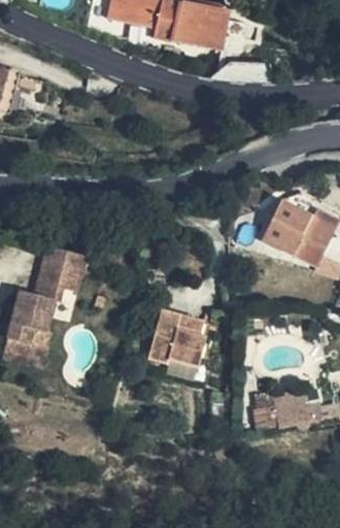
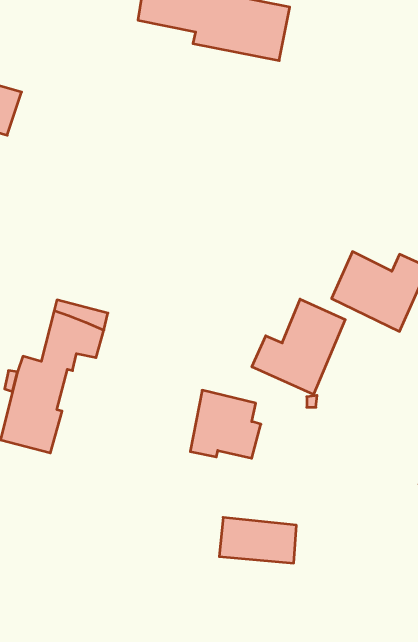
building: none -> [252,299,345,395]
building: [252,392,313,428] -> [219,517,296,563]

